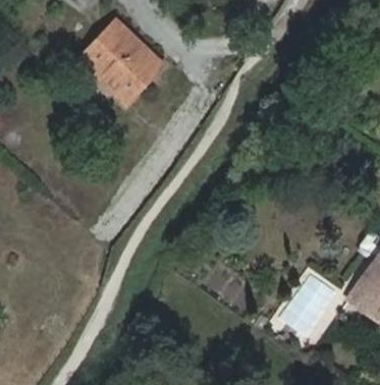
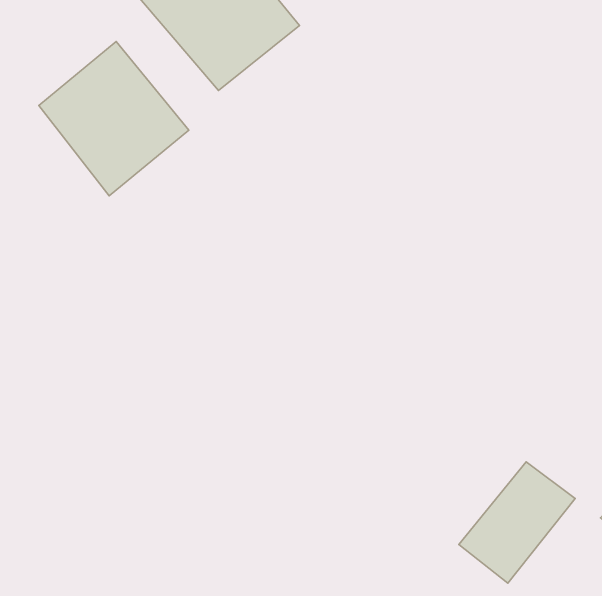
building: none -> [39,41,189,196]

